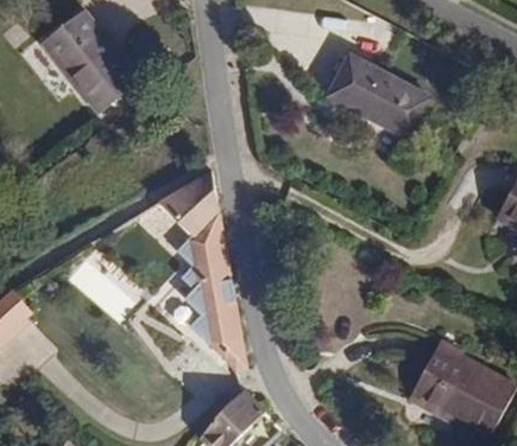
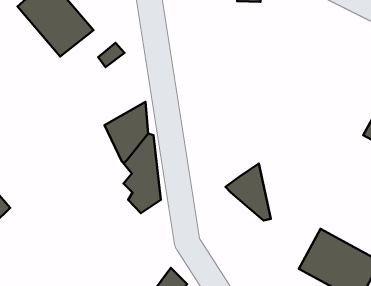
building: [324,53,428,136] -> none
building: [185,300,245,375] -> [225,163,271,221]

